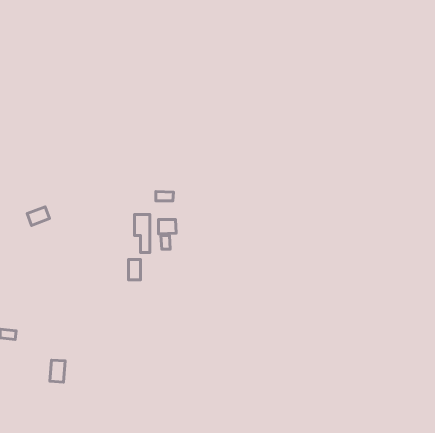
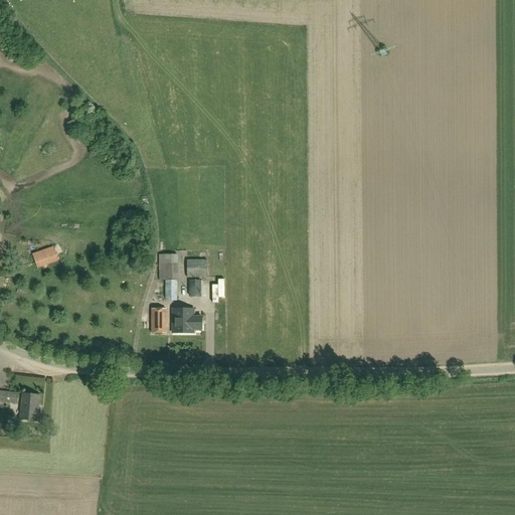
building: none -> [172,307,202,332]
building: [50,360,65,382] -> [21,392,39,418]

